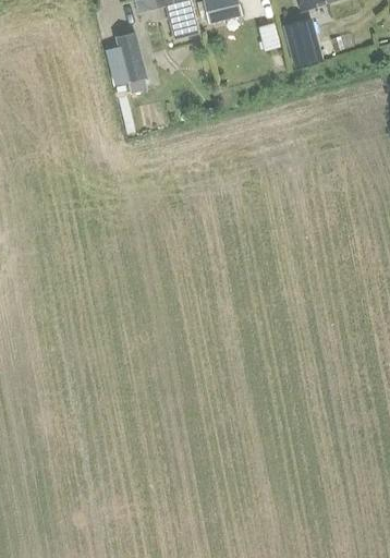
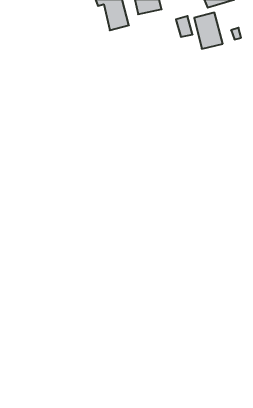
building: [117,33,145,80] -> none

